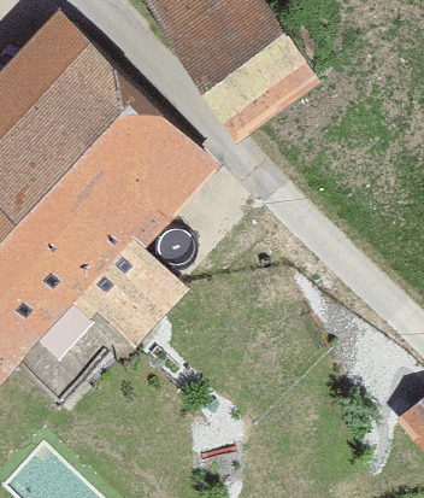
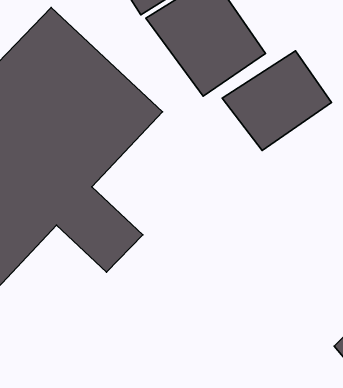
building: none -> [222,51,331,150]

